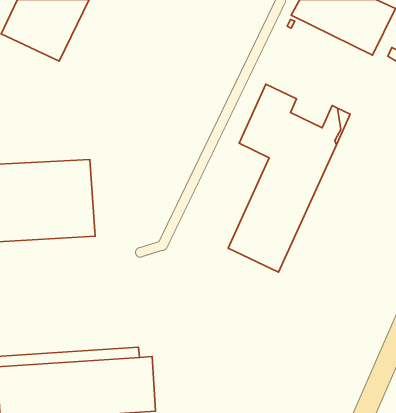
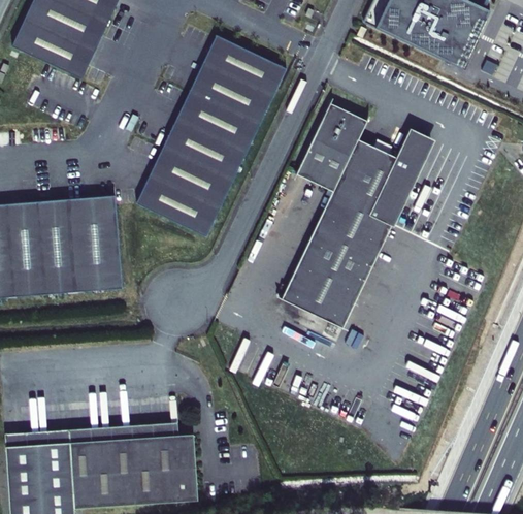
building: none -> [135,33,285,234]

